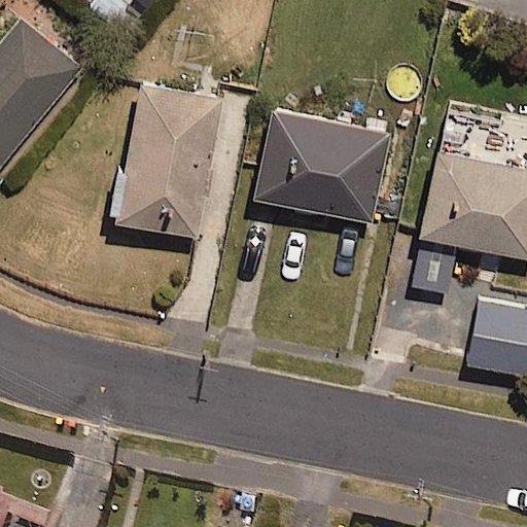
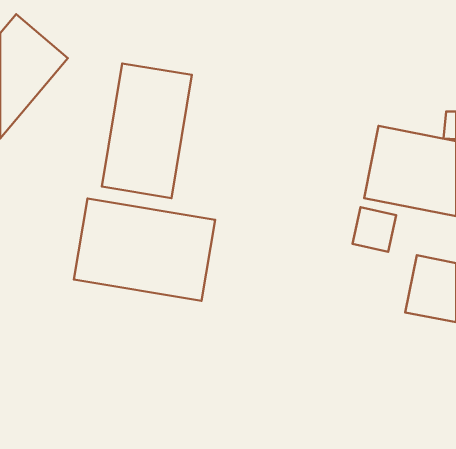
building: [250,109,390,224] -> none
building: none -> [74,199,215,301]

